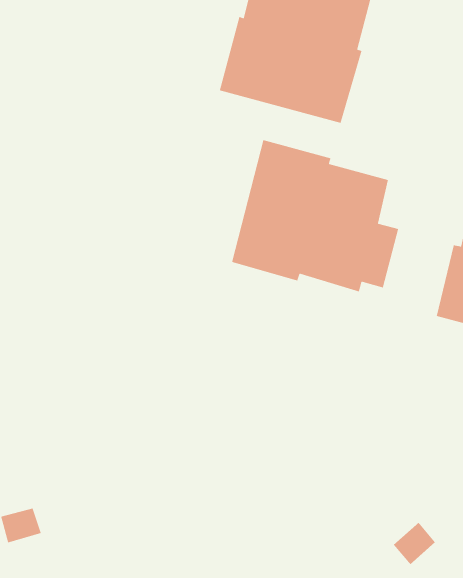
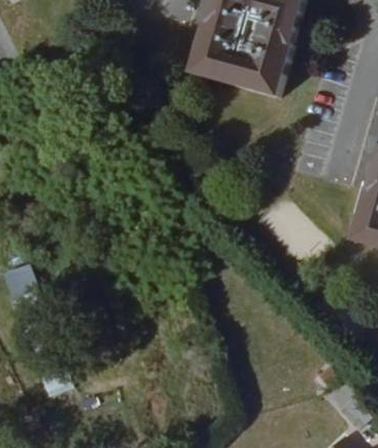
building: [231,139,399,293] -> none

